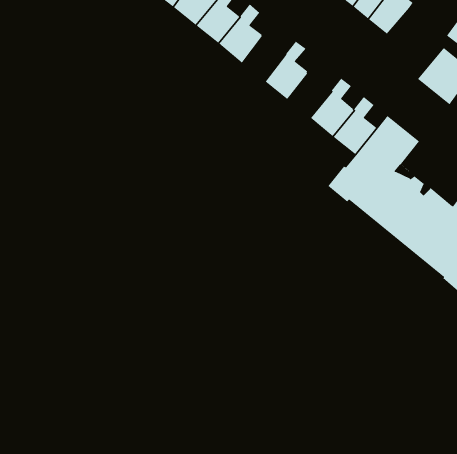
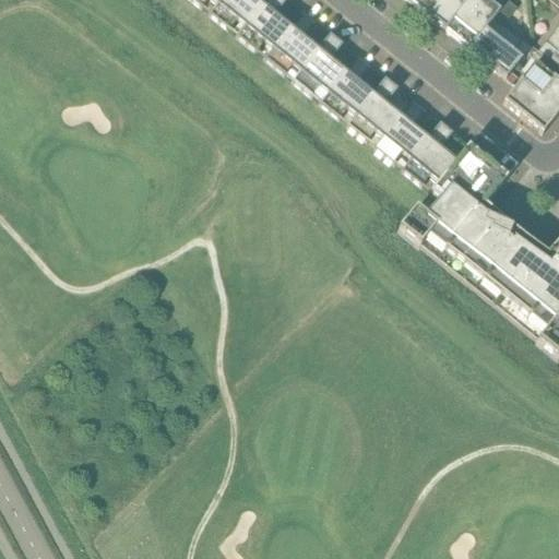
building: none -> [474,10,538,72]
building: none -> [299,26,352,98]
building: none -> [354,71,407,142]

